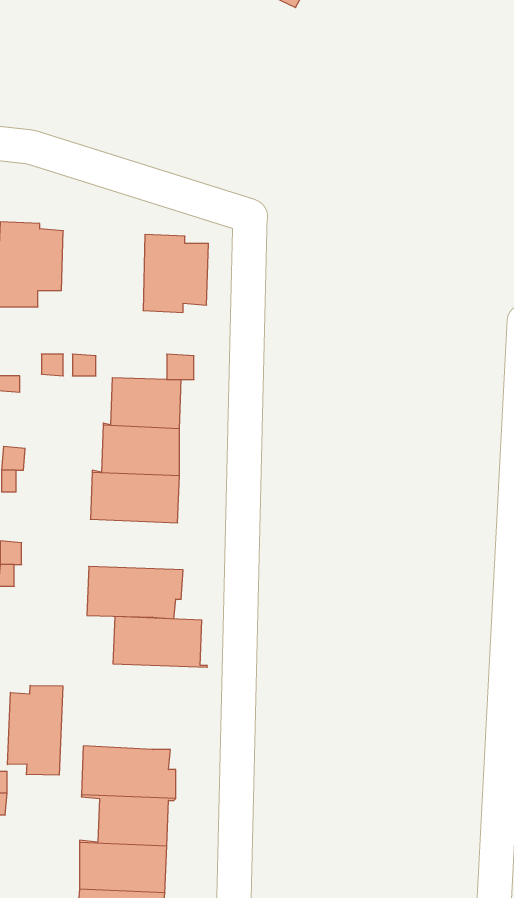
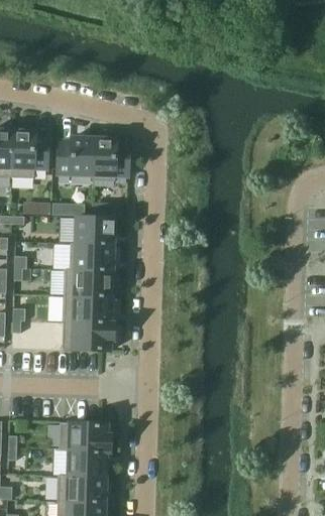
building: none -> [56,137,93,179]
building: [113,617,207,667] -> [62,295,114,324]
building: [8,685,63,775] -> none

